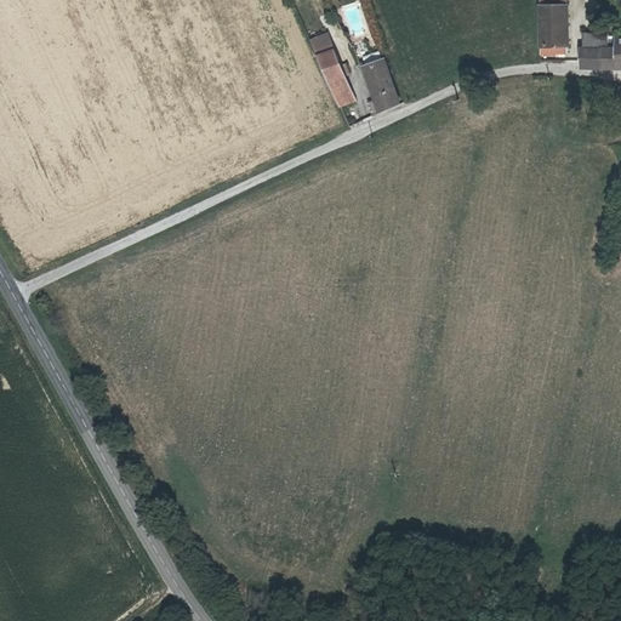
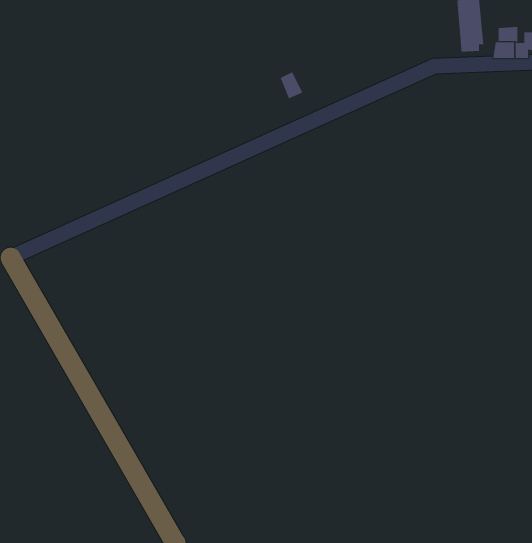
building: [313,40,352,89] -> none
building: [361,62,399,116] -> none

